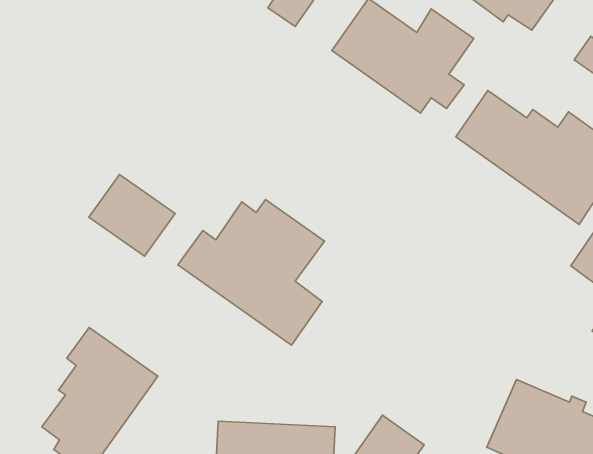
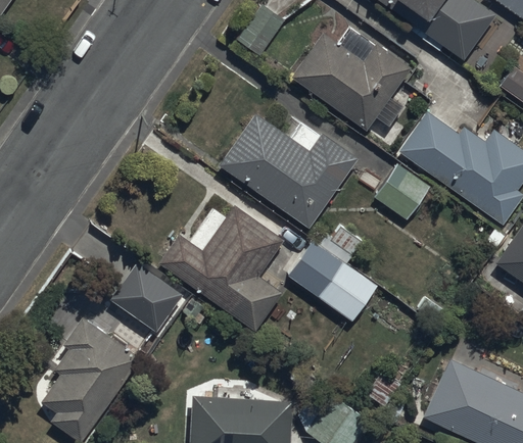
building: none -> [219,111,359,228]
building: none -> [374,164,430,220]
building: [89,174,175,256] -> [108,262,183,333]
building: none -> [287,229,378,322]

